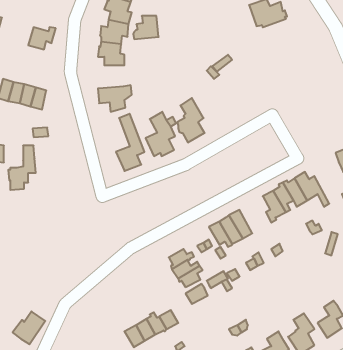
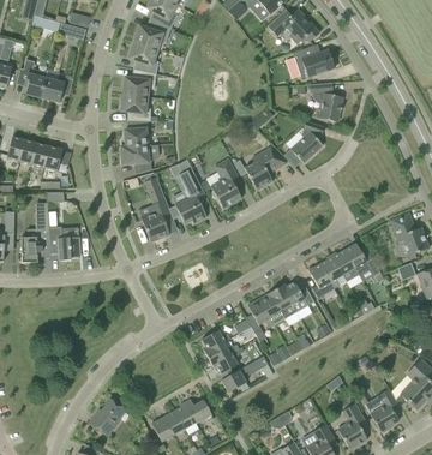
building: none -> [23,59,47,97]
building: [133,16,159,39] -> [120,120,149,146]
building: none -> [308,82,342,121]
building: none -> [289,119,324,162]
building: none -> [244,146,286,188]
building: none -> [48,226,79,259]
building: none -> [281,281,313,311]
building: [13,311,45,344] -> [88,397,125,435]

